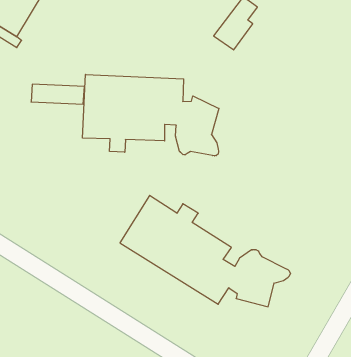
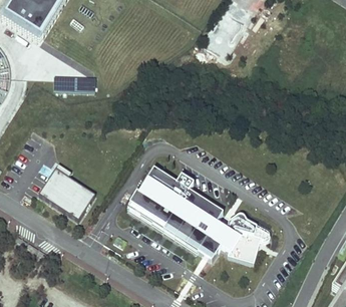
building: [83,74,219,156] -> none
building: none -> [38,167,94,219]

